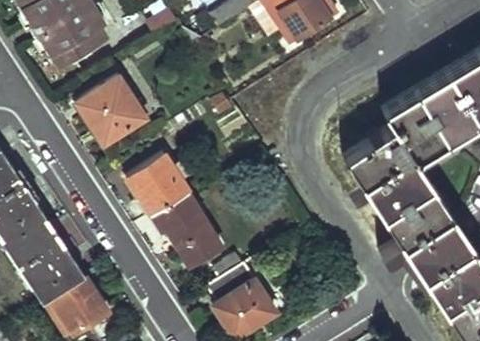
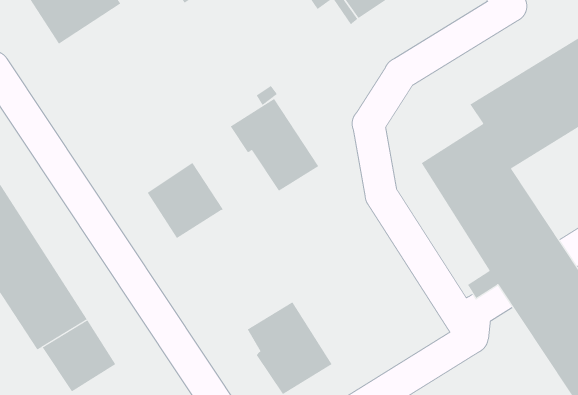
building: [77,74,146,144] -> none
building: [152,193,222,266] -> [230,98,319,192]

